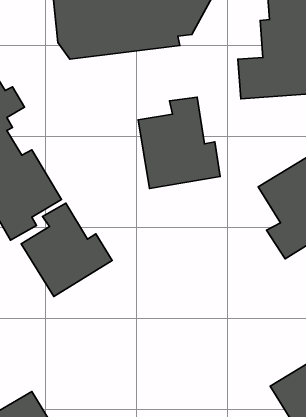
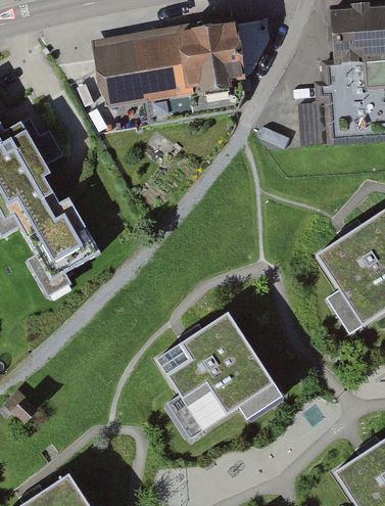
building: [138,97,220,188] -> none
building: [21,203,112,297] -> none
building: none -> [160,310,286,435]

